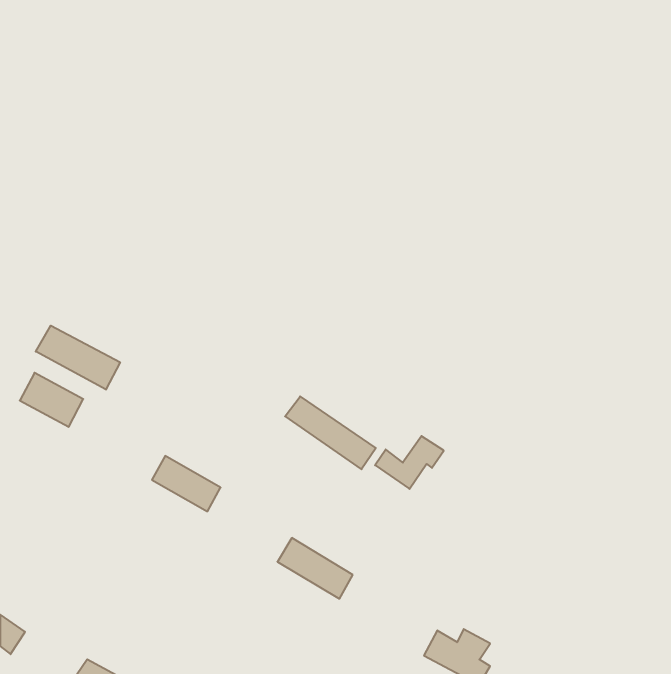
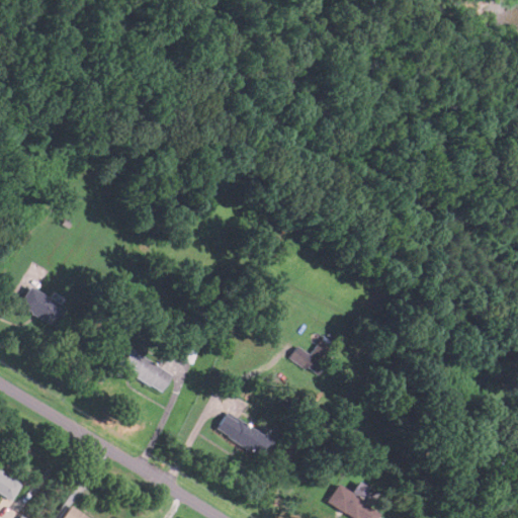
building: [36,326,120,390] -> none
building: [285,396,376,469] -> none

